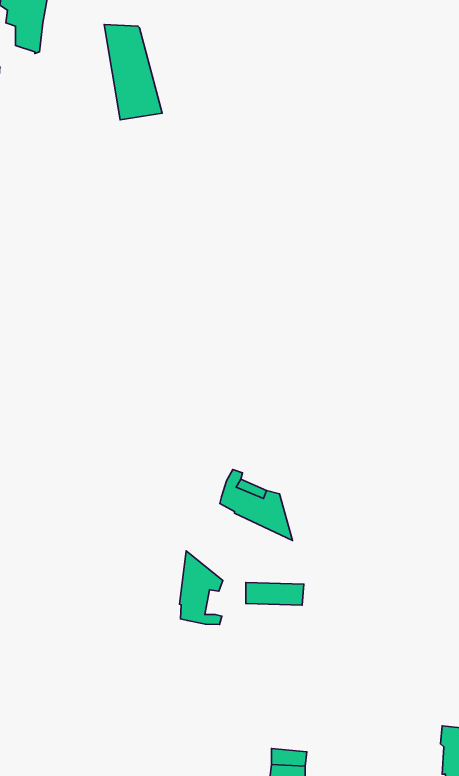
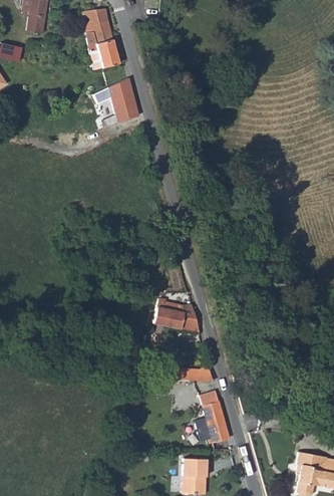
building: none -> [104,75,137,118]
building: [180,551,223,624] -> none
building: none -> [198,393,223,434]

